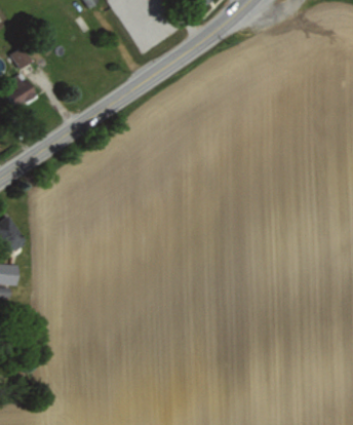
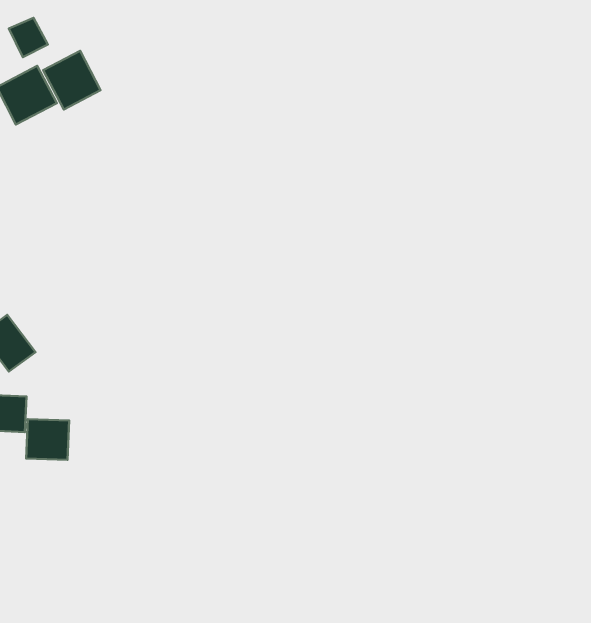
building: none -> [43,51,100,109]
building: none -> [26,419,69,460]

